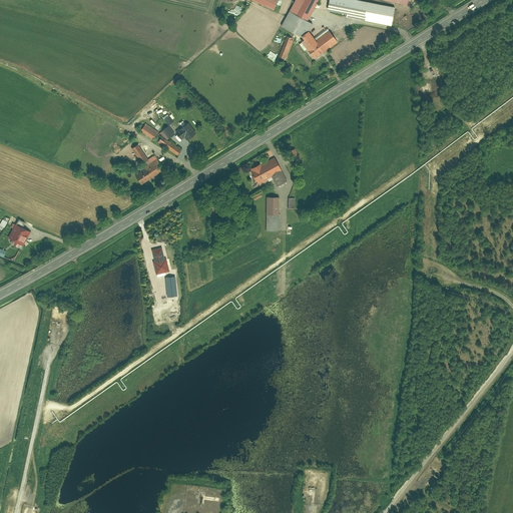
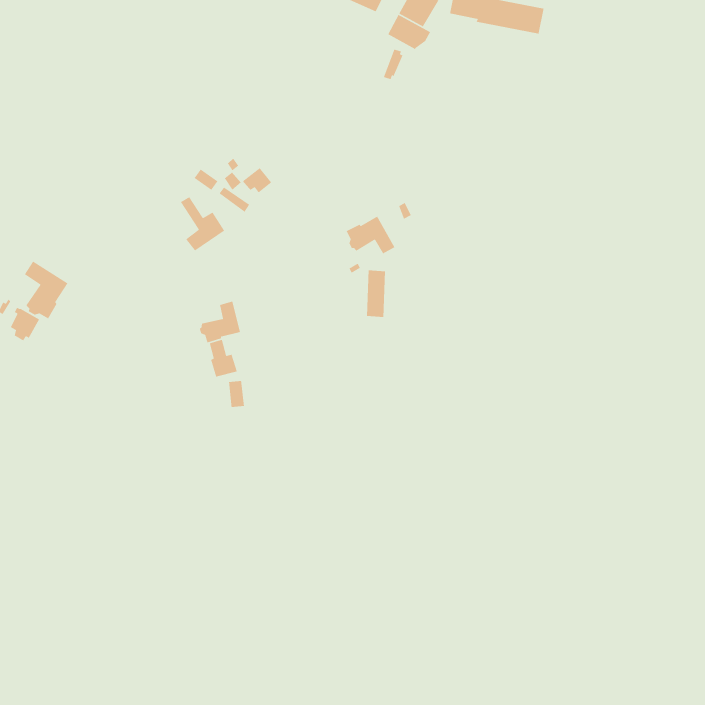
building: [302,29,338,59] -> none
building: none -> [24,260,68,319]
building: none -> [199,301,241,343]

